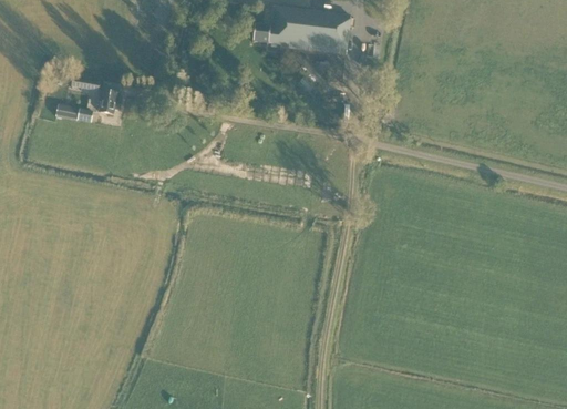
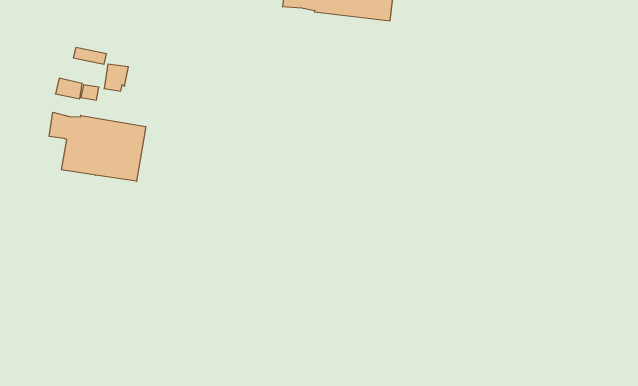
building: none -> [49,112,146,181]

